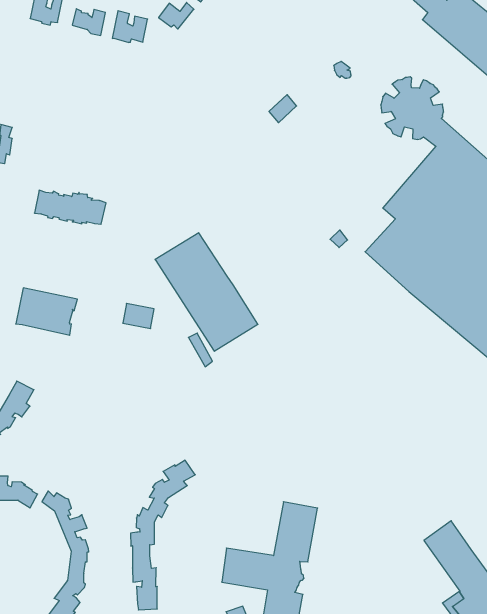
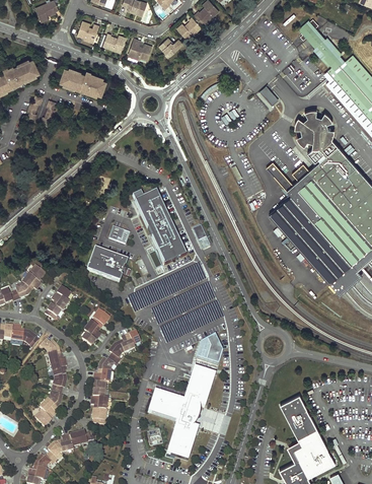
building: [34,190,106,224] -> [59,68,105,95]
building: [16,288,77,335] -> [85,249,127,283]
building: none -> [44,287,70,321]
building: none -> [81,309,108,346]
building: none -> [195,335,221,363]

